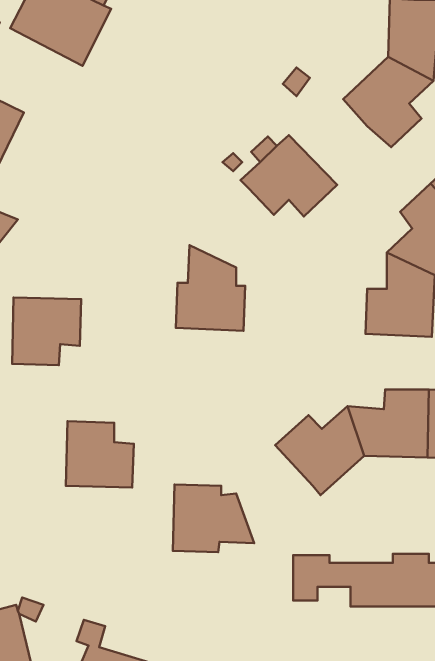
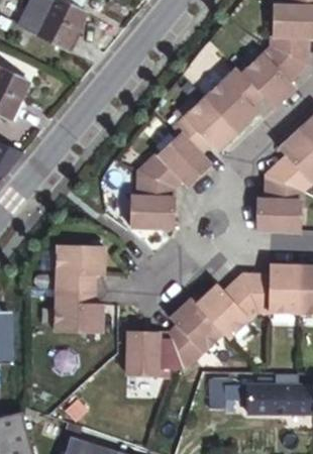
building: none -> [205,68,257,130]
building: none -> [138,132,210,186]
building: [12,298,81,365] -> [57,244,103,290]
building: none -> [170,300,221,370]

